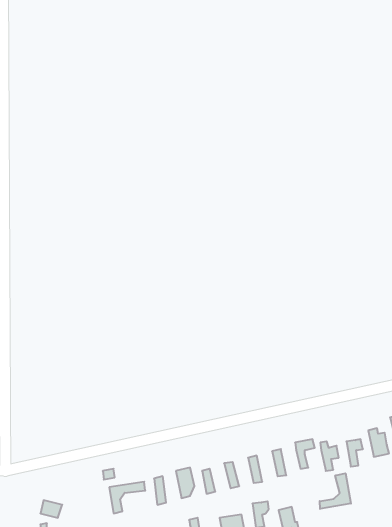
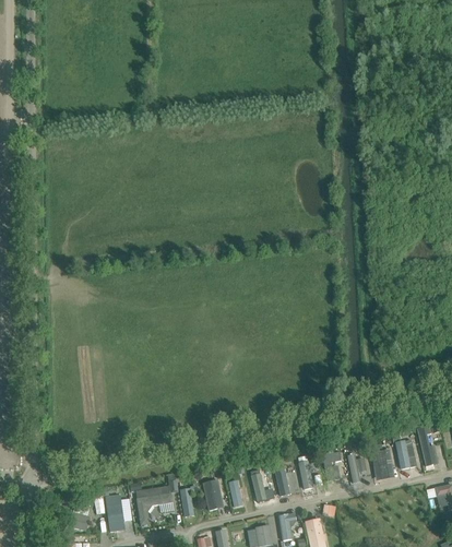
building: [320,473,351,509] -> none
building: none -> [105,496,126,532]

